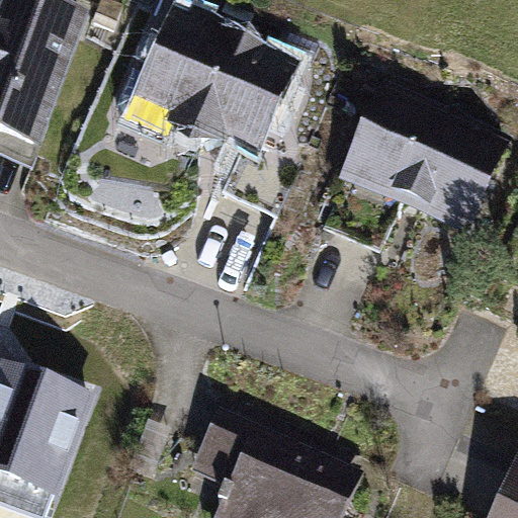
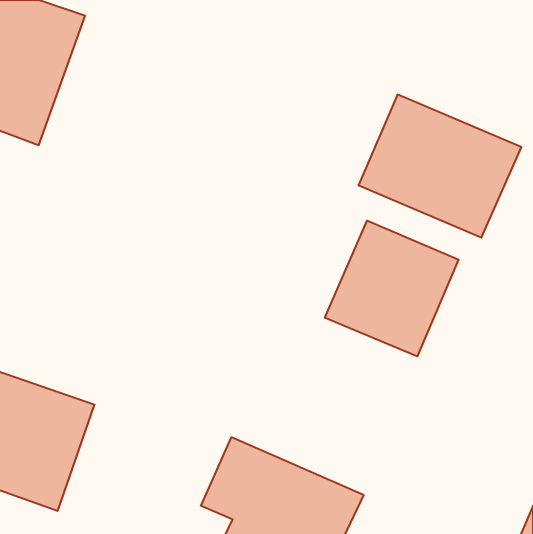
building: [137,18,292,152] -> none
building: none -> [325,221,459,356]

